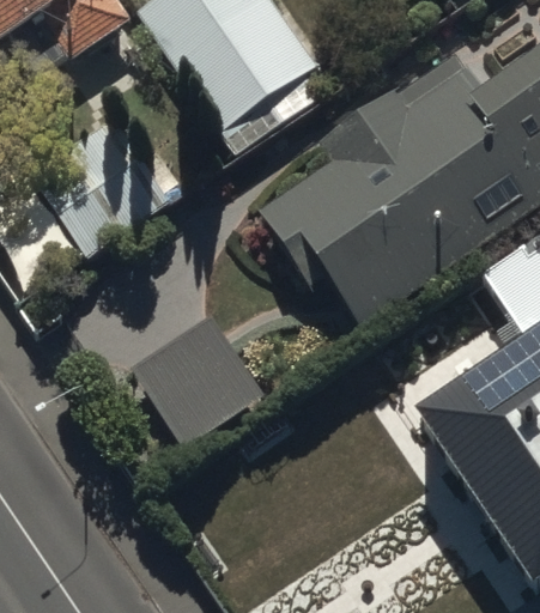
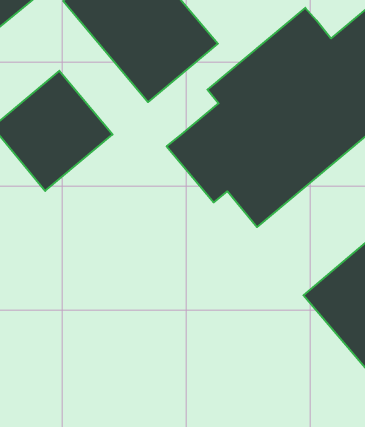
building: [128,309,263,443] -> none

